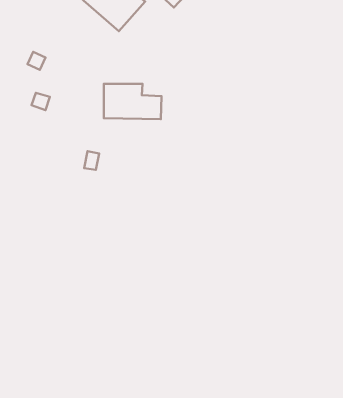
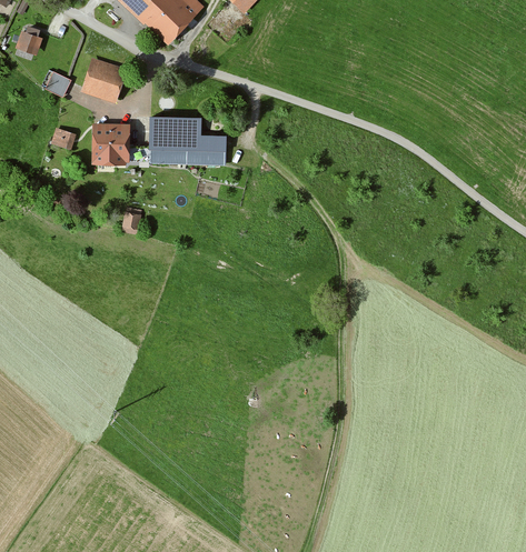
building: none -> [16,27,42,56]
building: none -> [80,57,128,103]
building: none -> [91,124,129,165]

